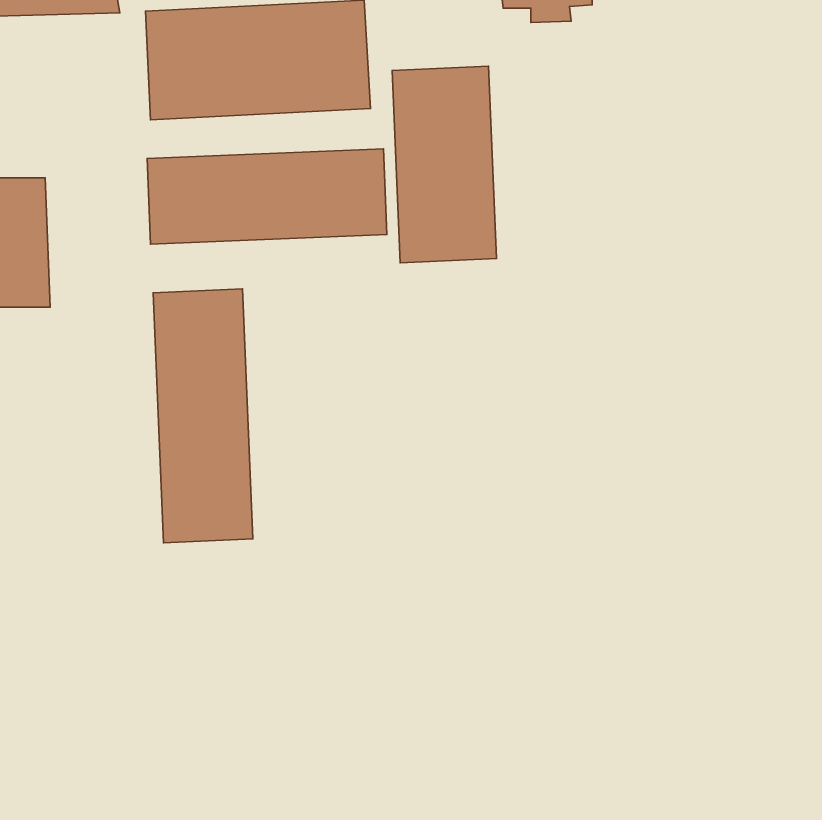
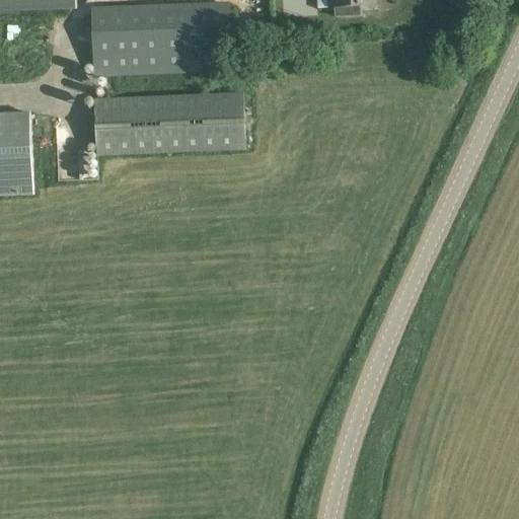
building: [392,66,496,263] -> none
building: [153,289,253,543] -> none

